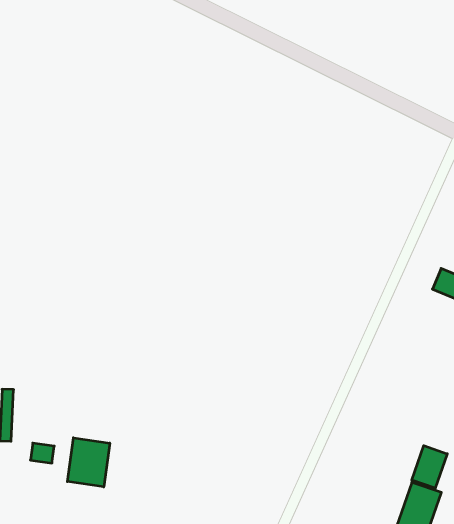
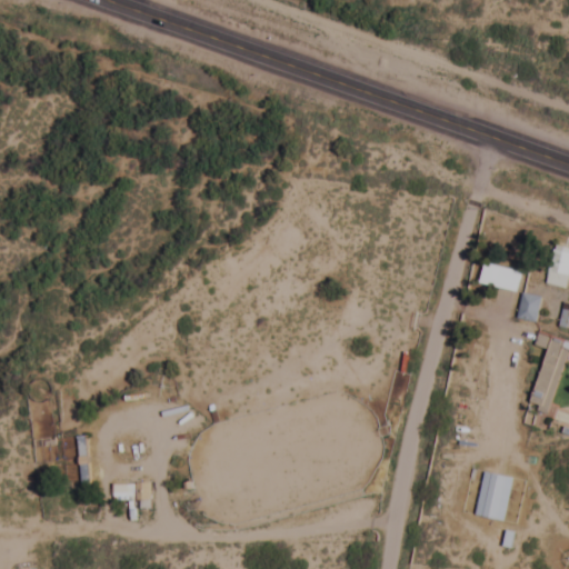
building: [67,438,110,487] -> none
building: [412,446,447,488] -> none

